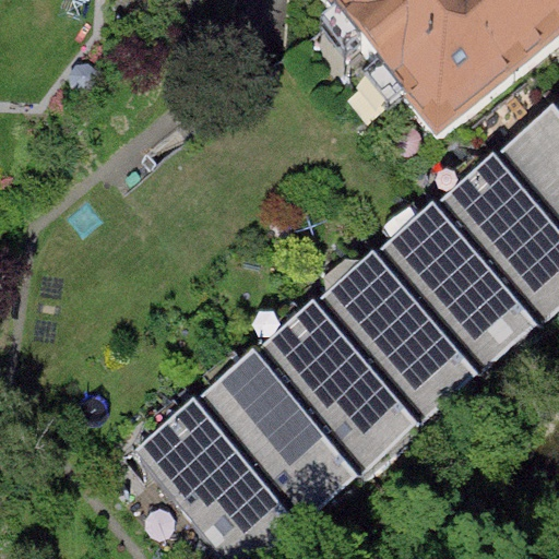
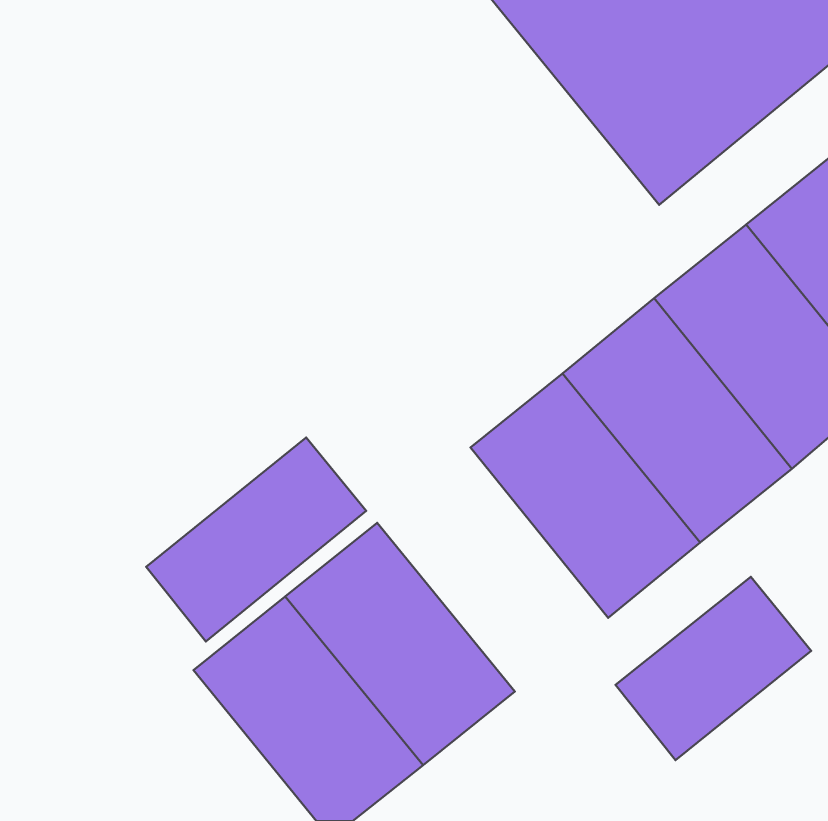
building: none -> [146,437,366,641]
building: [258,298,412,461] -> none
building: none -> [615,577,811,760]

